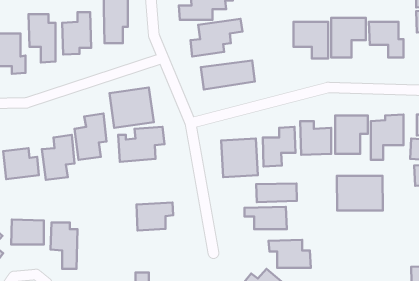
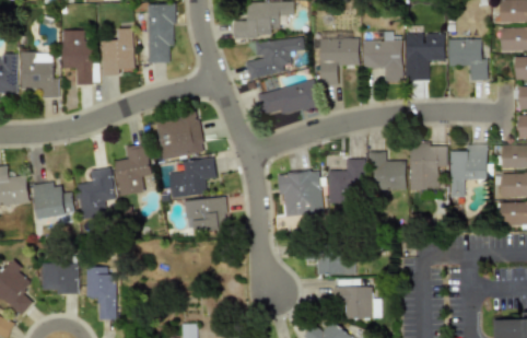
building: none -> [318,33,359,88]
building: [337,176,383,211] -> none
building: [256,183,297,202] -> none
building: [137,203,173,231] -> [185,198,226,230]

